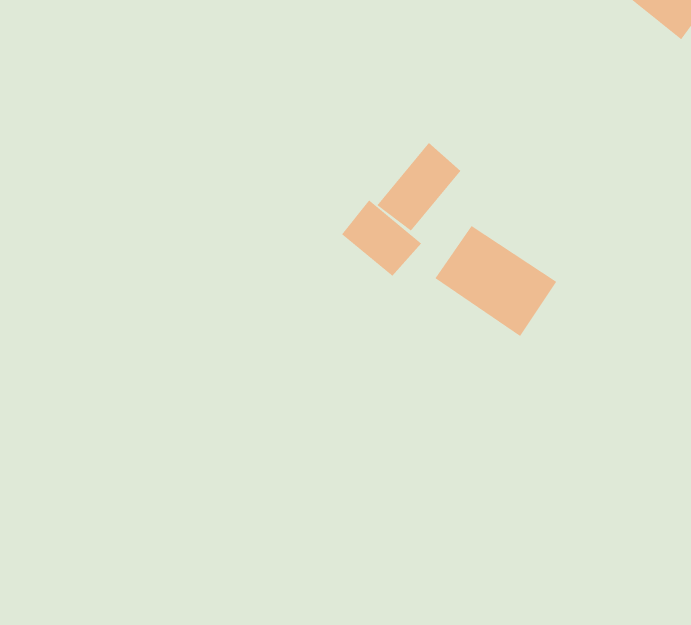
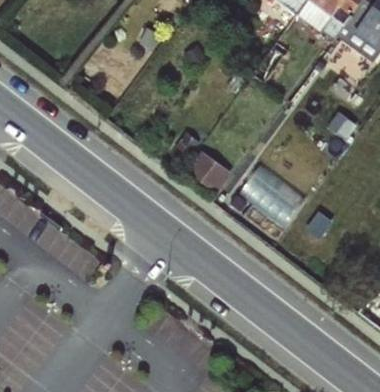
building: [376,142,461,232] -> none

